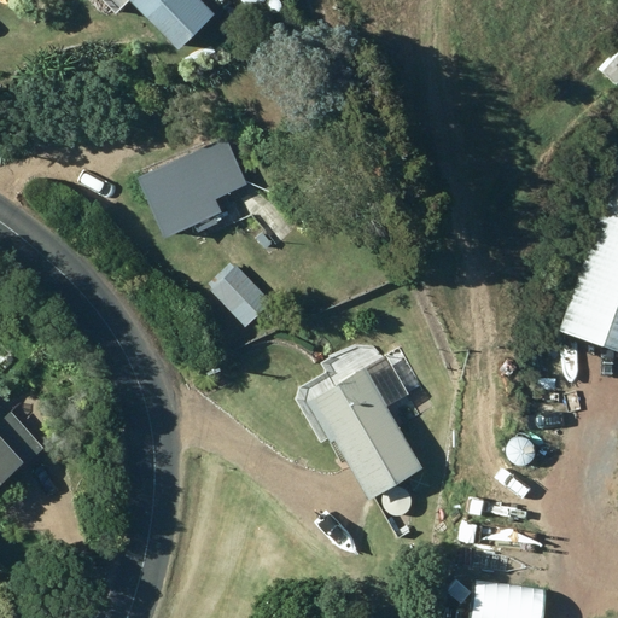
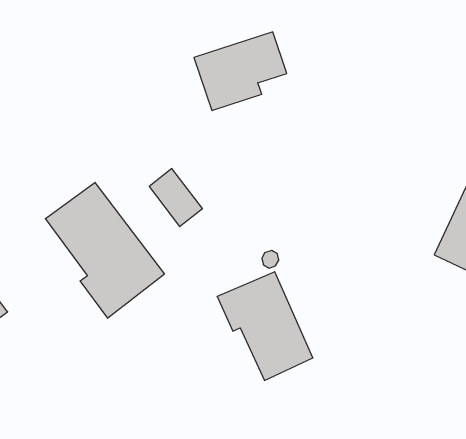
building: [135,136,249,238] -> [194,32,287,111]
building: none -> [45,182,164,318]

